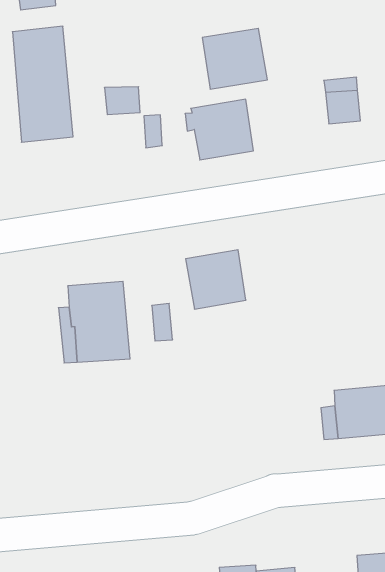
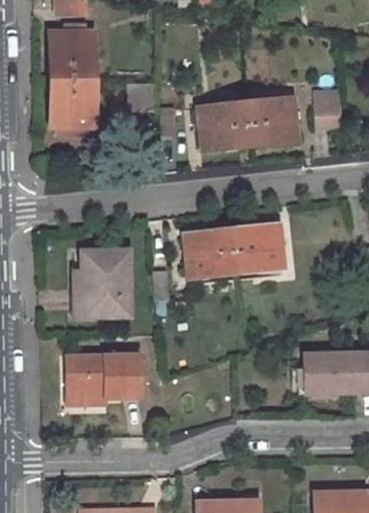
building: [202,28,267,89] -> [243,96,296,145]
building: none -> [229,222,282,272]
building: none -> [67,358,140,400]

